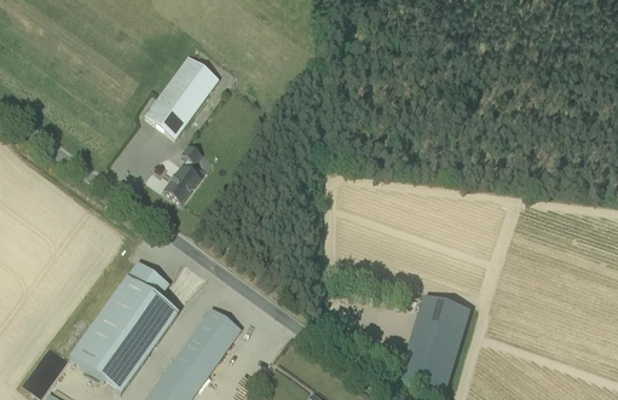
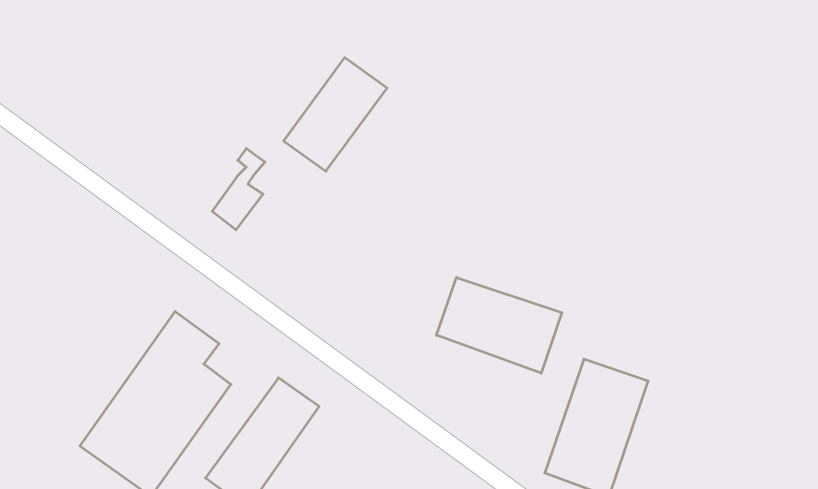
building: [145,56,219,137] -> [284,58,387,171]
building: none -> [436,277,562,373]

